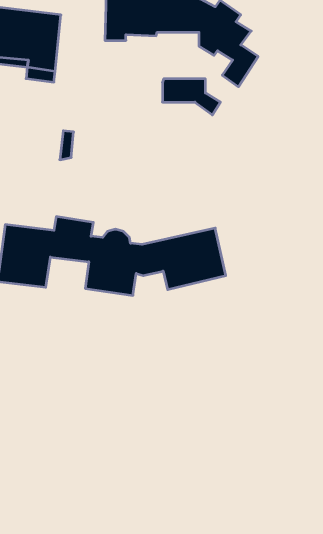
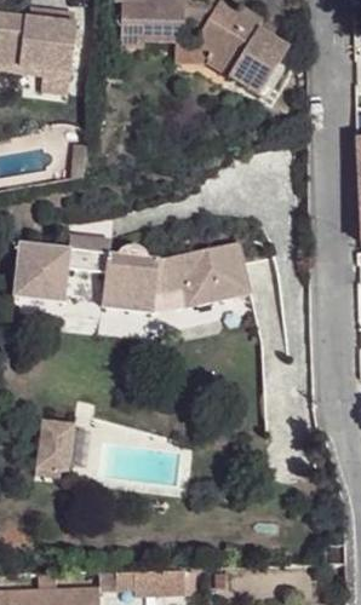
building: [162,79,220,115] -> [174,39,235,76]
building: none -> [36,404,75,462]

